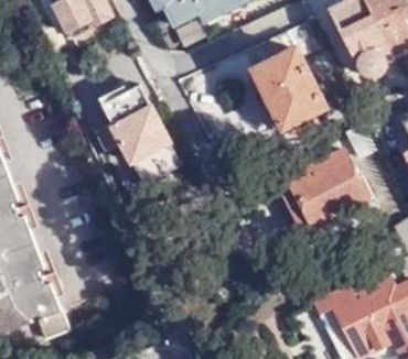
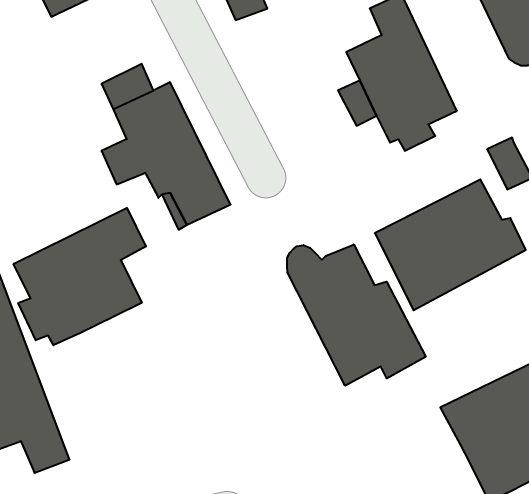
building: none -> [14,208,146,345]
building: none -> [287,244,426,386]

